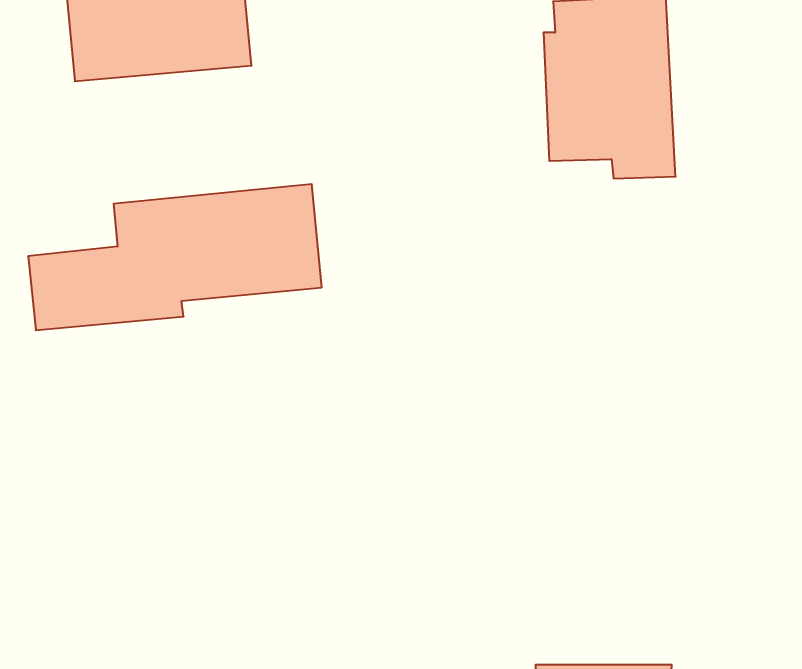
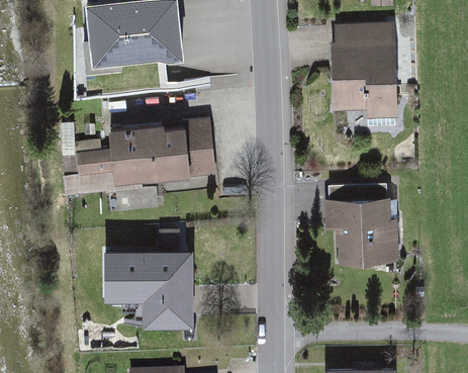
building: none -> [324,197,400,265]
building: none -> [105,229,183,327]

